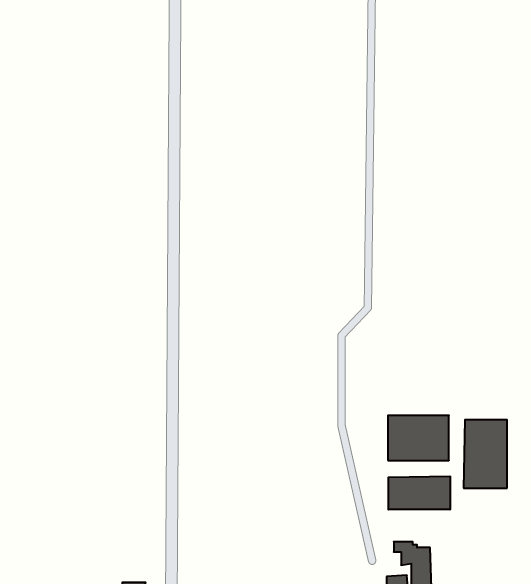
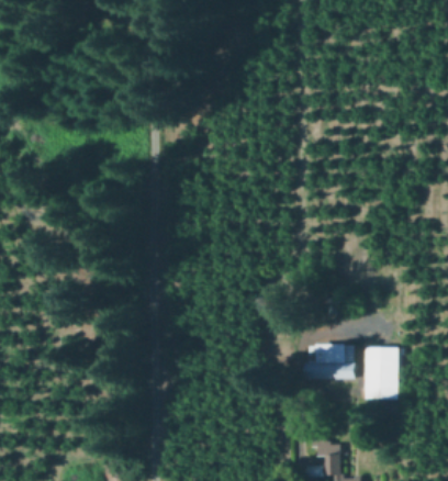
building: [388,476,450,510] -> none

